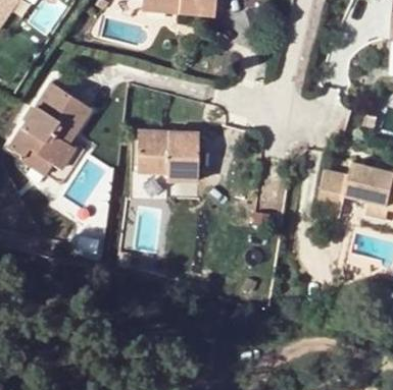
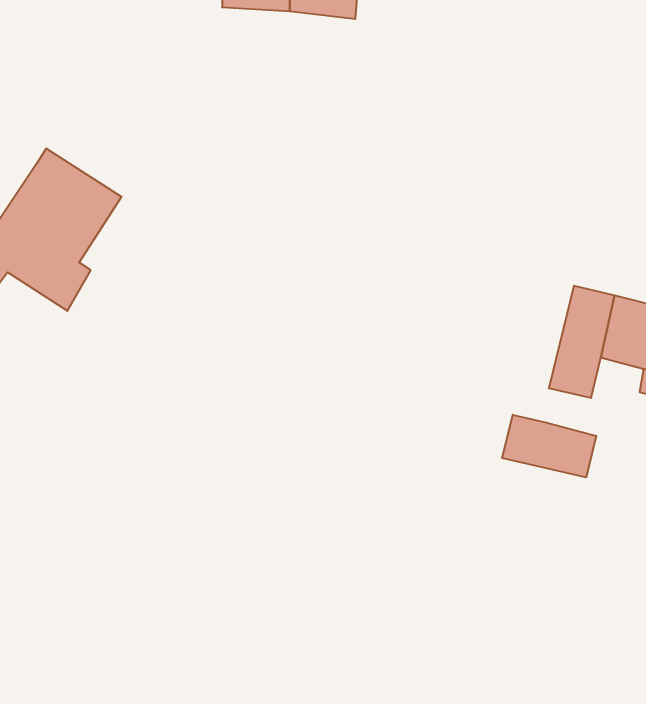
building: [139,132,201,182] -> none
building: none -> [502,415,596,477]

